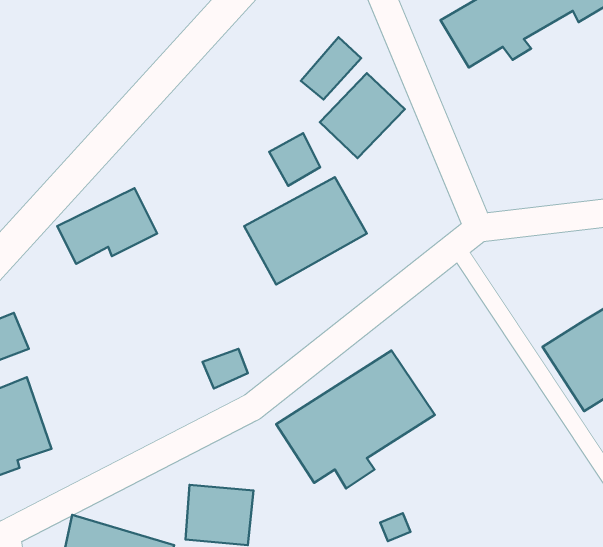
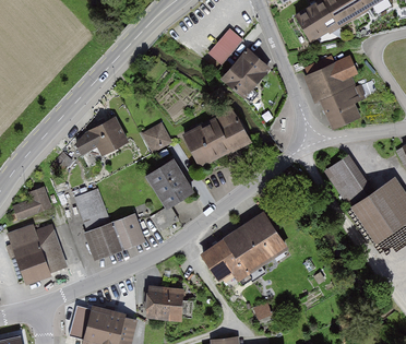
building: none -> [306,59,368,128]
building: [269,133,320,186] -> [143,122,172,153]
building: none -> [323,155,374,209]
building: none -> [144,158,193,209]
building: none -> [75,188,146,260]

